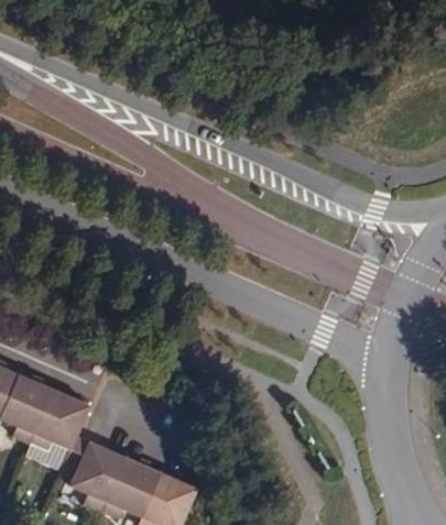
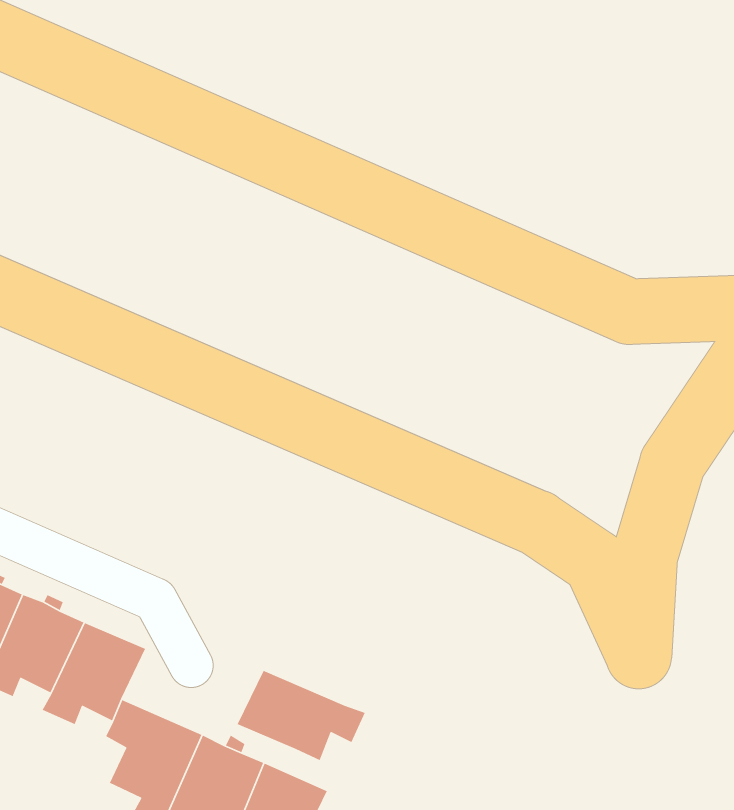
building: none -> [237,670,366,761]

